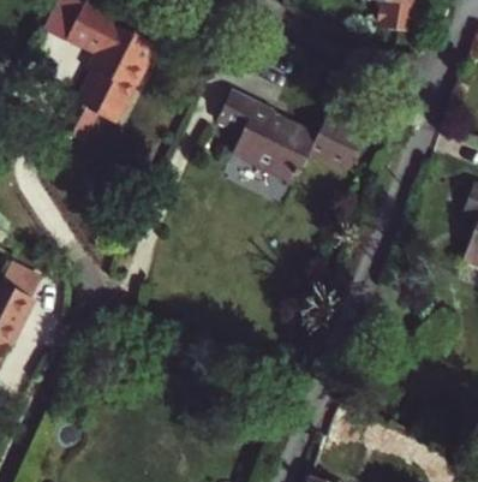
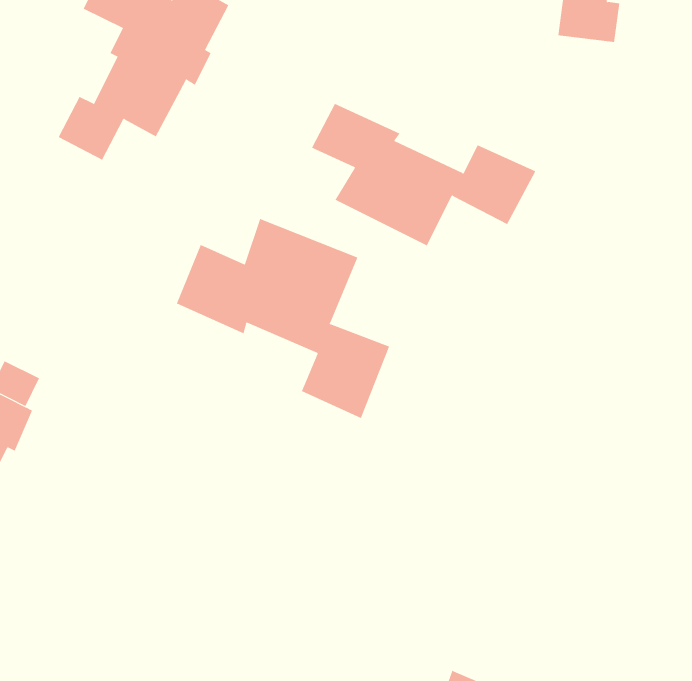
building: none -> [176,218,390,419]

